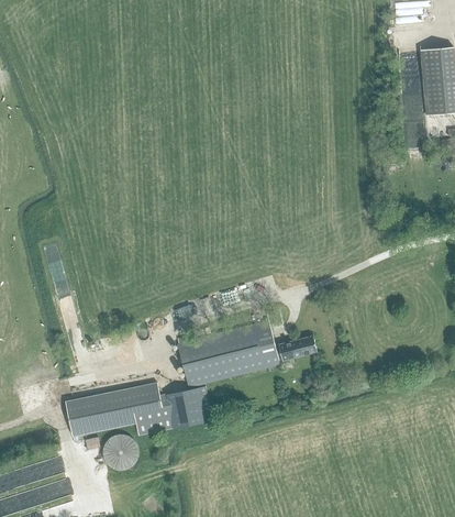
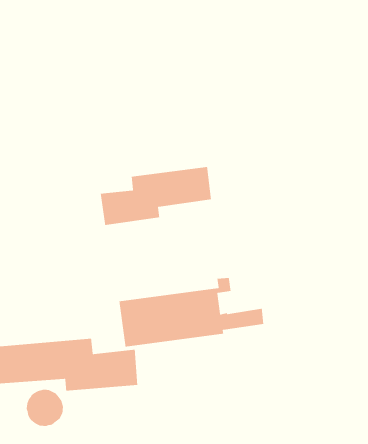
building: none -> [100,166,212,226]

